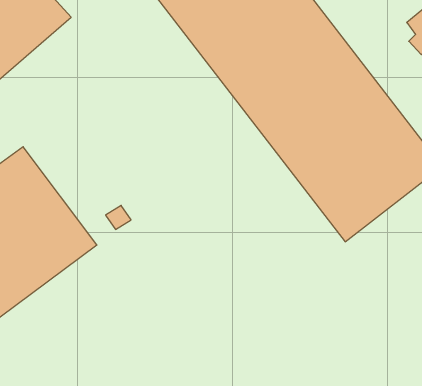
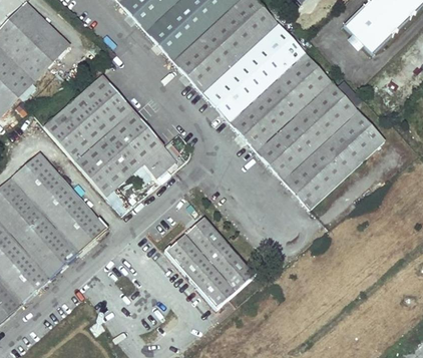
building: none -> [43,75,175,197]
building: none -> [165,217,254,307]

